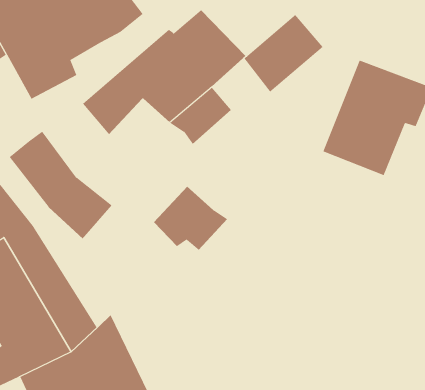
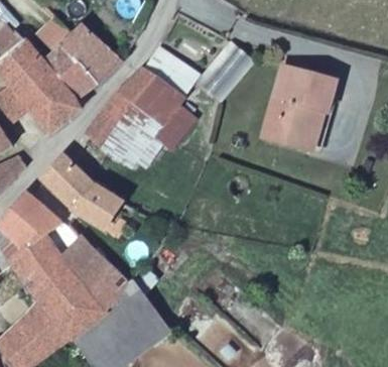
building: [153,186,228,251] -> [110,120,163,165]

